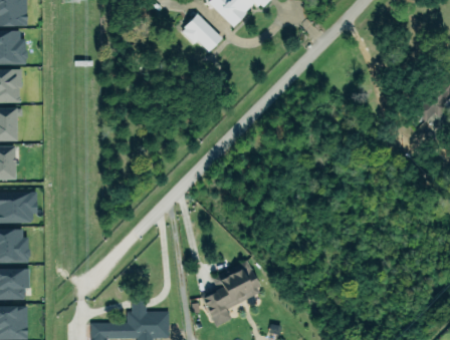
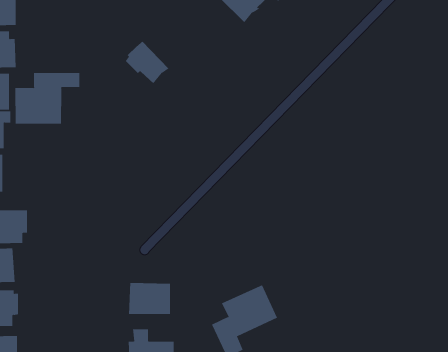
building: [182,13,222,52] -> [125,41,169,84]
building: none -> [15,72,80,125]
building: none -> [129,282,171,315]

